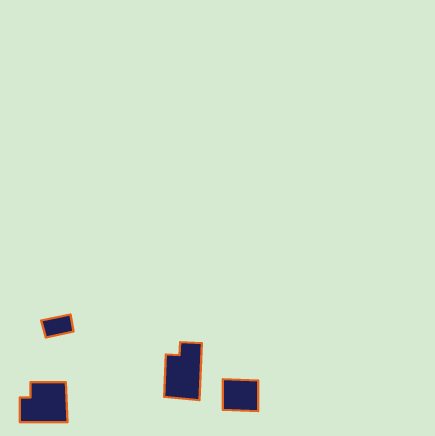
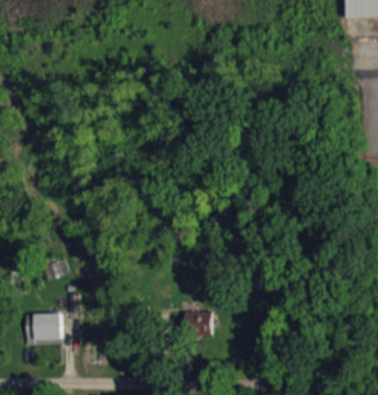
building: [164,342,202,400] -> none

